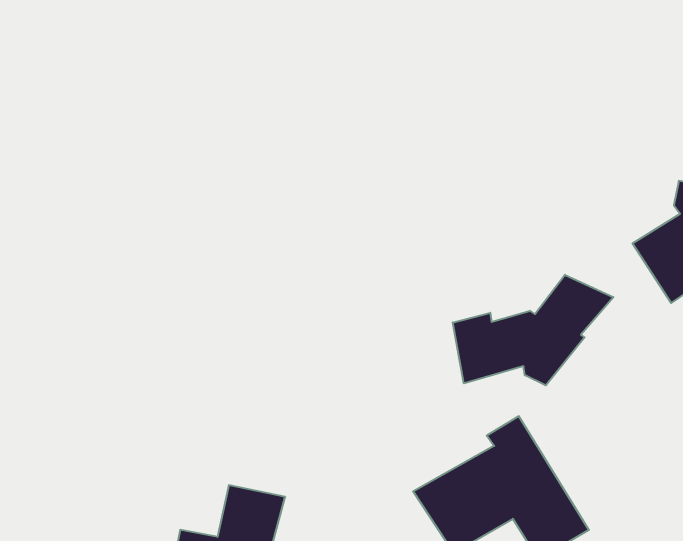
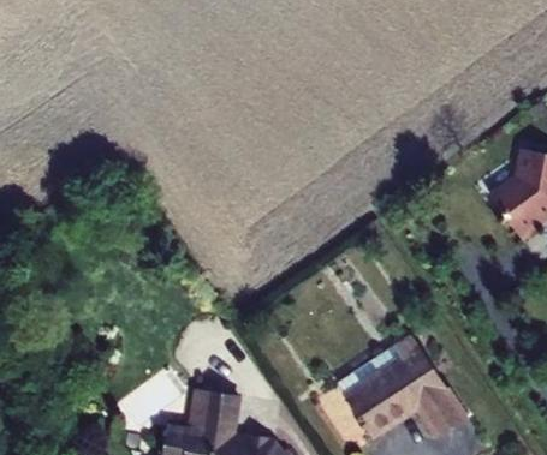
building: [453,275,613,385] -> none

